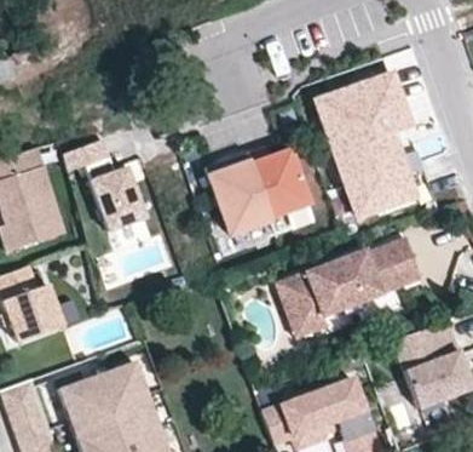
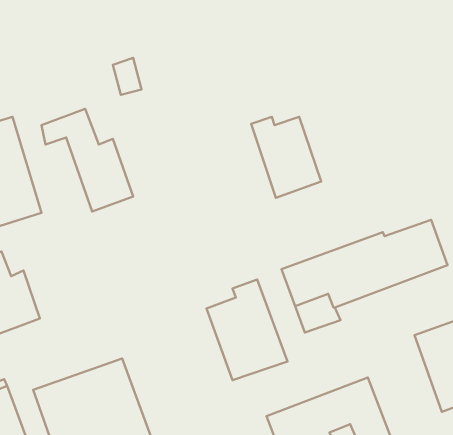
building: [316,74,416,219] -> none
building: [207,154,271,235] -> none
building: none -> [206,279,287,380]

